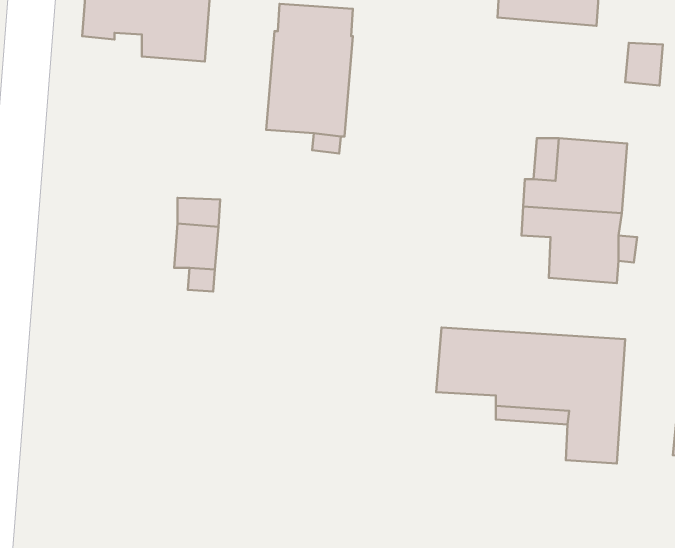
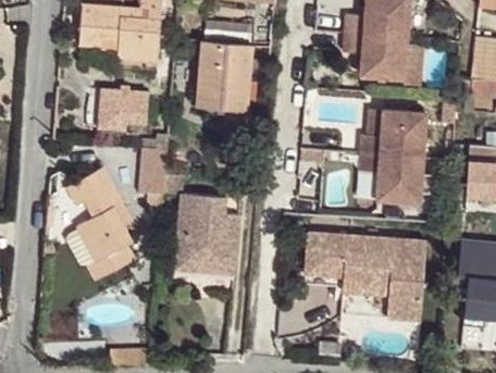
building: none -> [344,33,408,78]
building: none -> [102,89,151,129]
building: none -> [64,167,136,281]
building: none -> [175,195,239,275]

